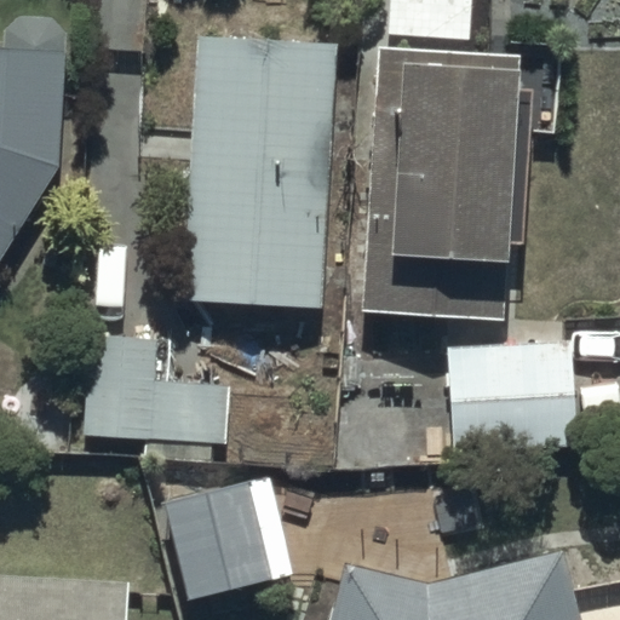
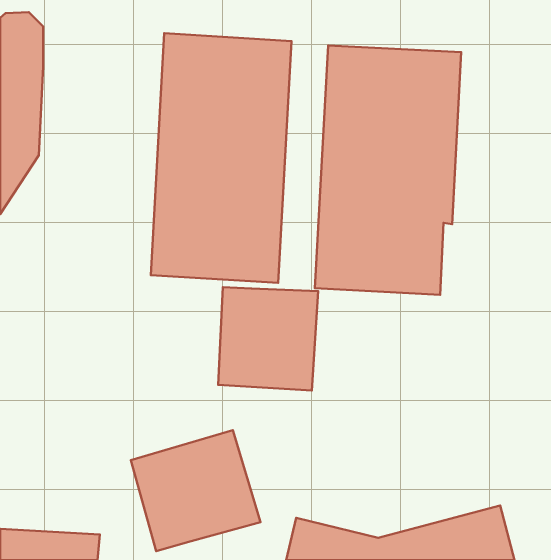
building: [88,282,230,466] -> none
building: none -> [218,287,318,391]
building: [450,341,578,452] -> none

